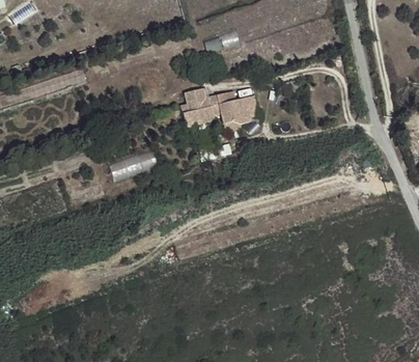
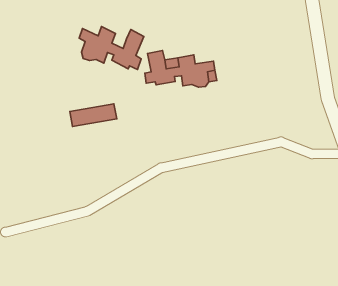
building: none -> [79,26,144,70]

